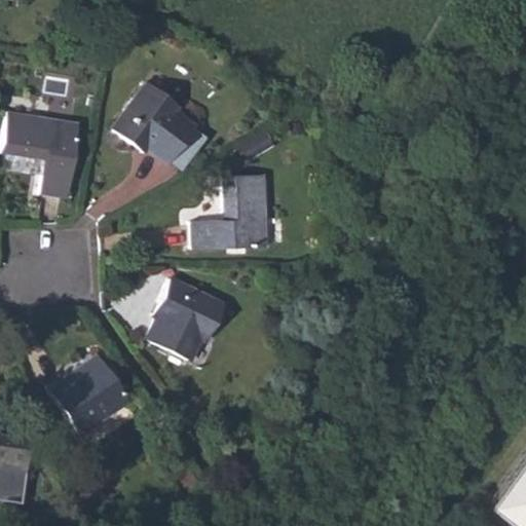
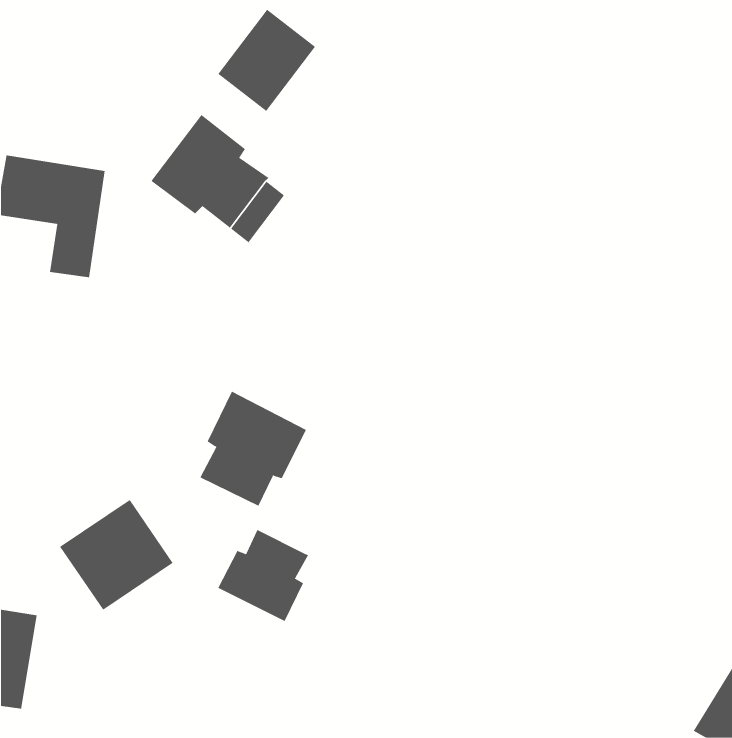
building: none -> [217,9,316,112]
building: [191,175,267,249] -> none
building: none -> [218,529,309,622]

